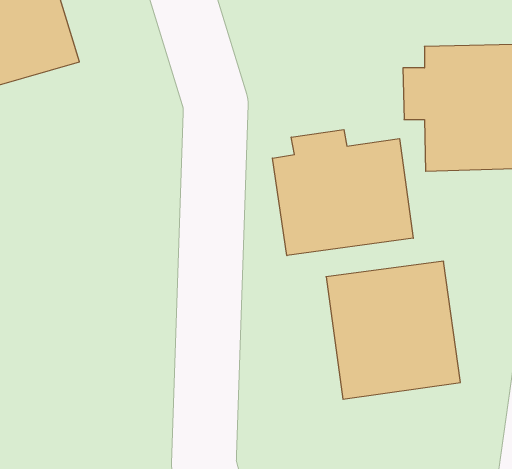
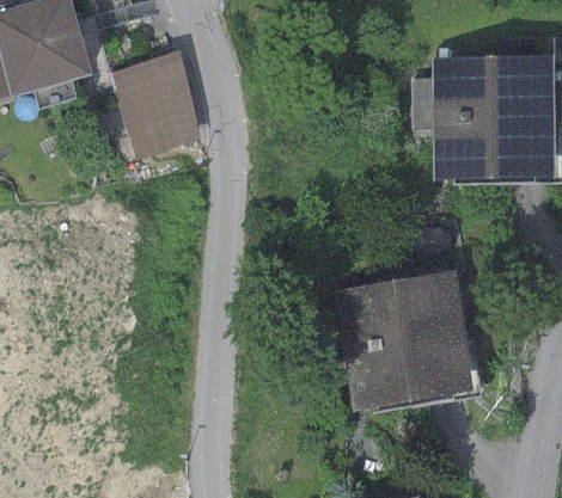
building: none -> [116,55,197,159]
building: [272,130,413,256] -> none

